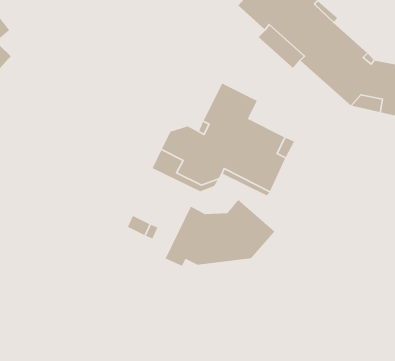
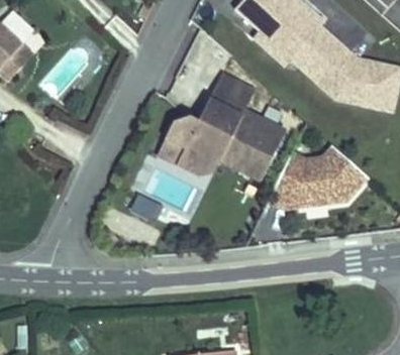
building: [164,199,275,267] -> [268,146,367,207]

